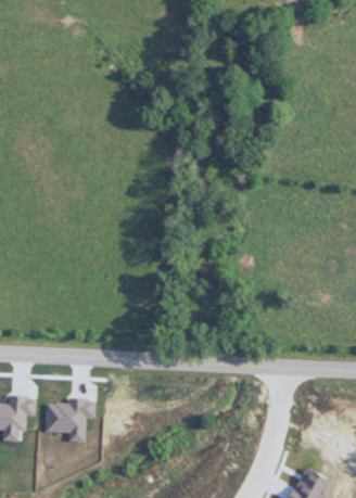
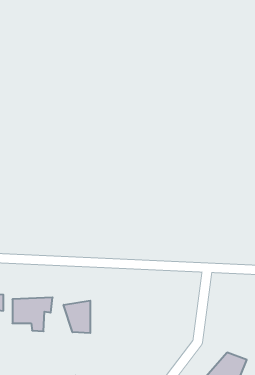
building: none -> [64,301,90,333]

